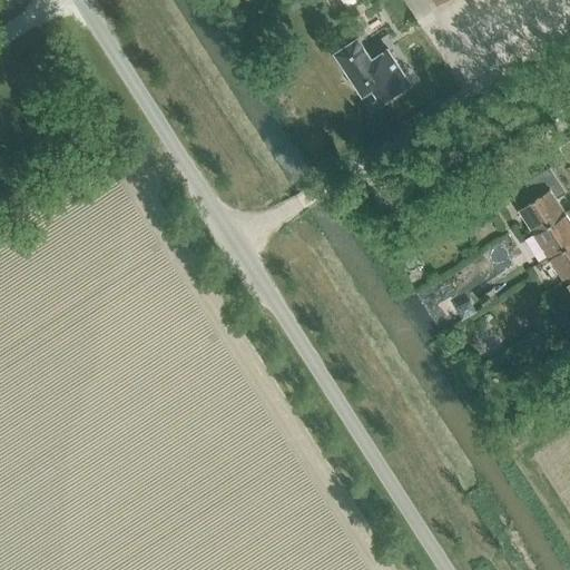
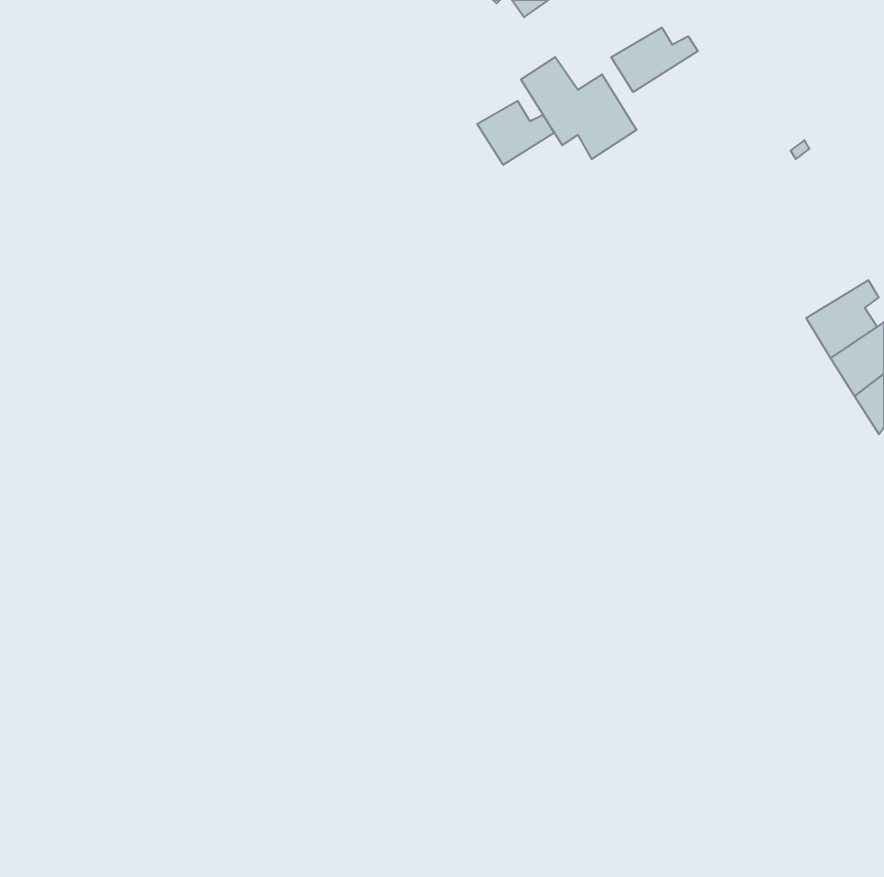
building: none -> [611,28,698,92]
building: none -> [477,101,554,165]

